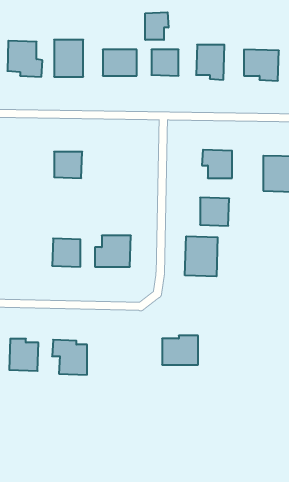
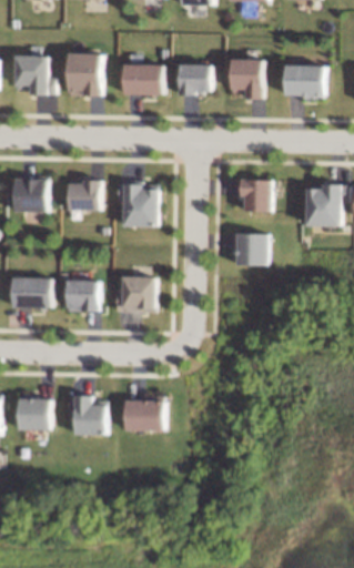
building: [145,12,168,40] -> none
building: none -> [14,178,49,212]
building: none -> [117,180,159,226]
building: none -> [12,276,52,307]
building: [185,236,218,276] -> none
building: [162,336,198,365] -> [123,396,164,429]

